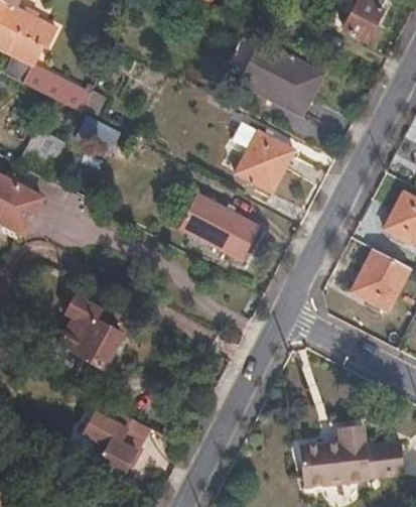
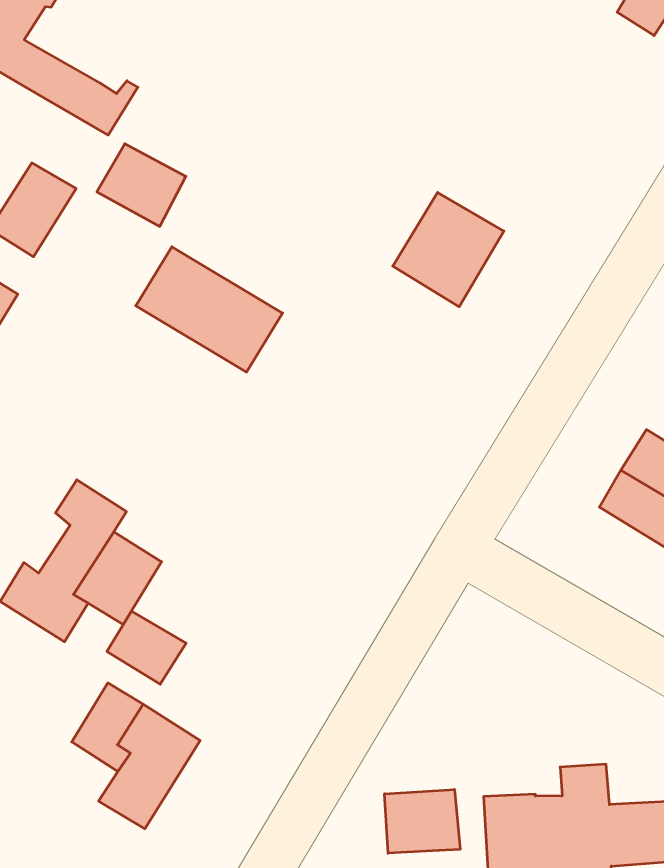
building: [237,40,321,115] -> none
building: [180,195,258,258] -> [136,247,283,372]
building: none -> [107,611,186,684]
building: none -> [385,789,460,853]

